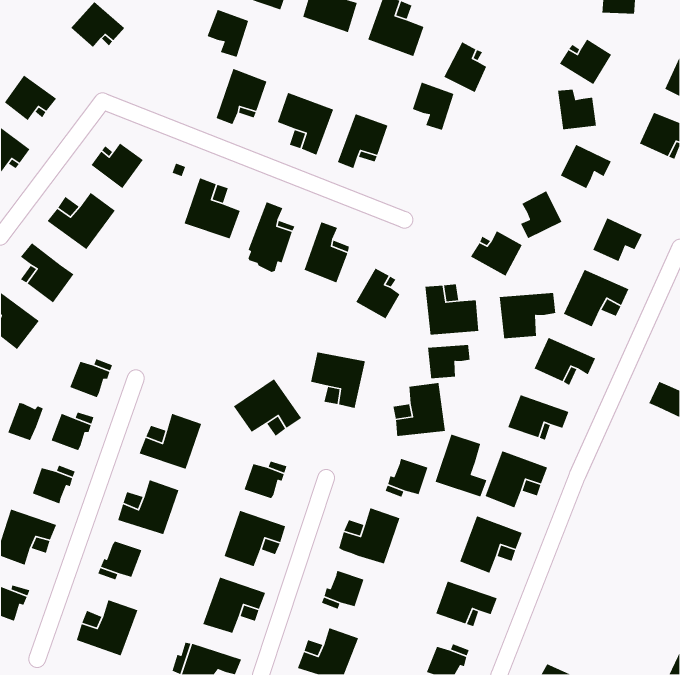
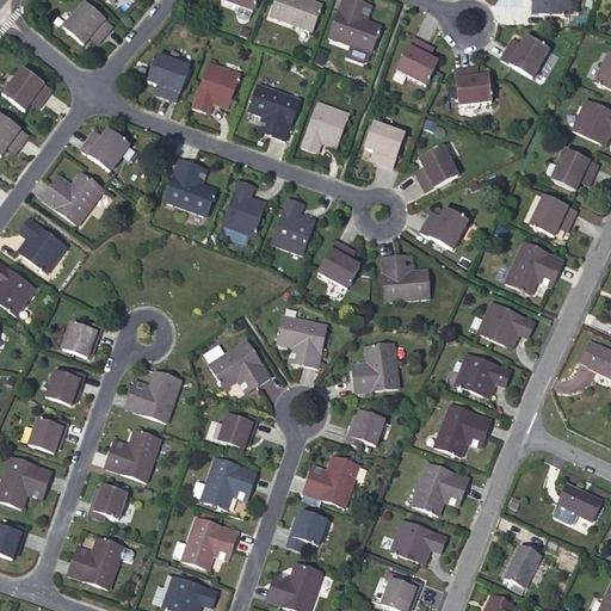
building: [206,9,249,58] -> [149,55,187,99]
building: [412,81,454,131] -> [365,122,403,166]
building: [557,89,597,130] -> [456,67,492,104]
building: [560,144,612,189] -> [551,149,598,190]
building: [520,190,562,239] -> [419,146,457,190]
building: [499,292,556,339] -> none
building: [427,344,471,379] -> none
building: [7,402,44,441] -> none
building: [435,434,487,498] -> none
building: none -> [553,483,601,524]
building: none -> [505,544,541,587]

